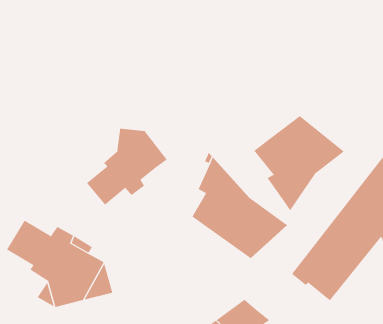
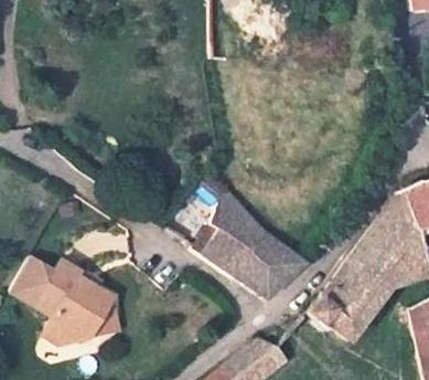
building: [253,115,345,211] -> none
building: [86,128,167,205] -> none

